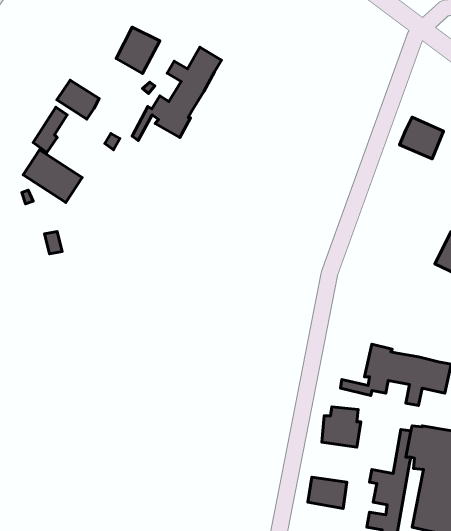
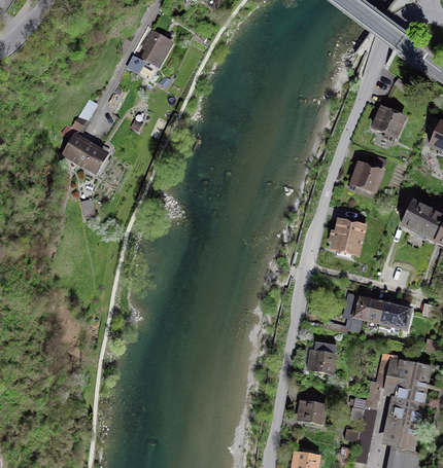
building: [132,47,221,140] -> none
building: [57,80,99,119] -> none
building: none -> [349,155,387,194]
building: none -> [329,219,367,257]

